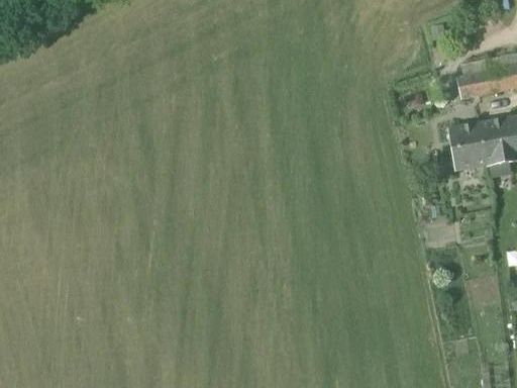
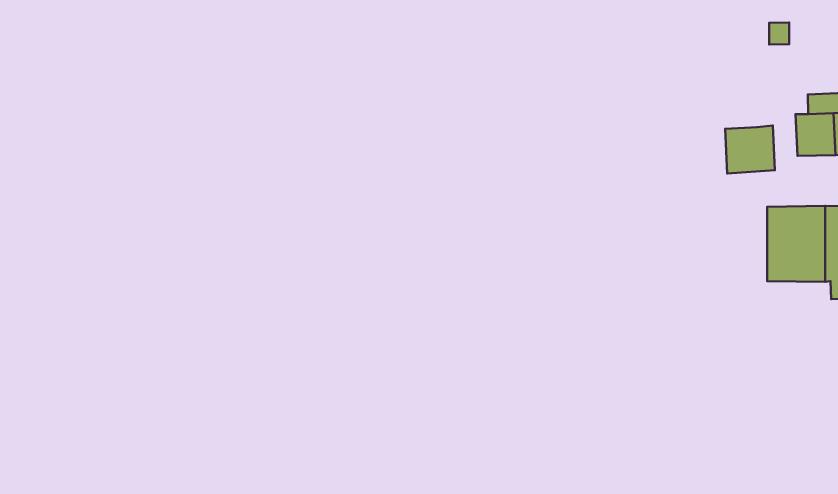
building: none -> [725,125,775,173]

